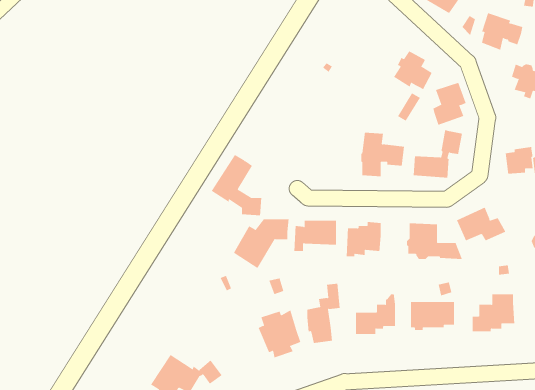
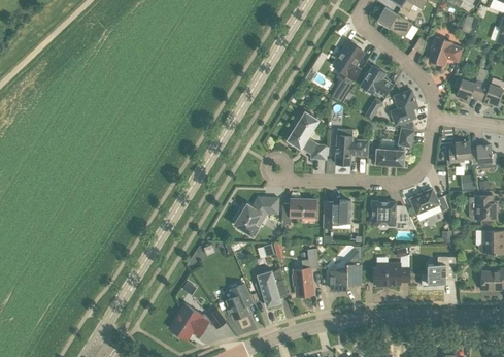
building: none -> [333,41,363,85]
building: [211,154,262,216] -> [287,111,327,160]
building: none -> [225,283,253,320]

